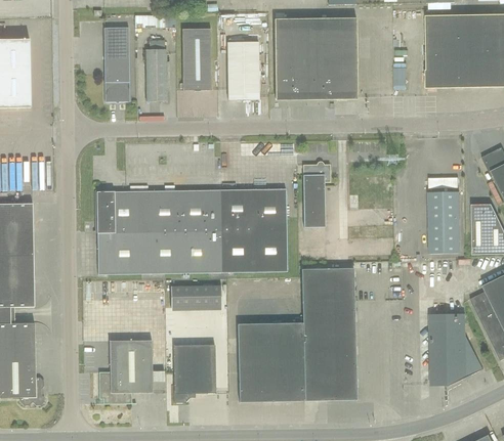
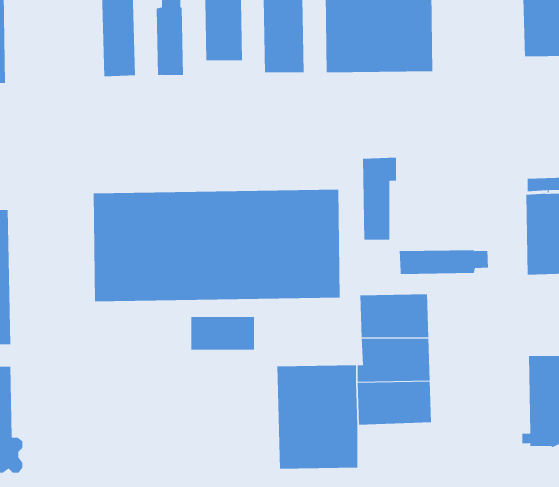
building: none -> [399,249,489,275]
building: [99,339,153,402] -> none
building: [173,344,216,401] -> none
building: [300,365,358,400] -> none

